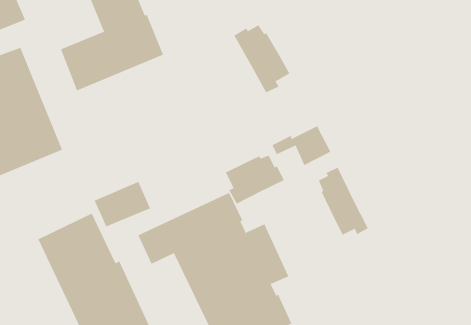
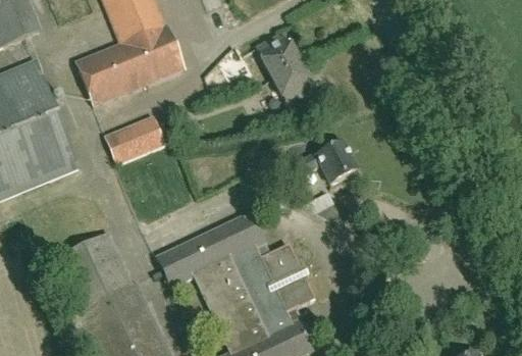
building: [225,155,284,205] -> none
building: [318,167,368,235] -> none
building: [94,181,151,227] -> [105,114,164,162]

